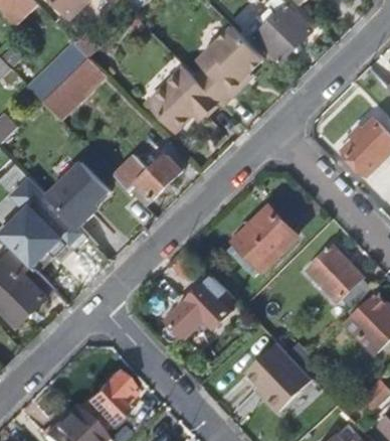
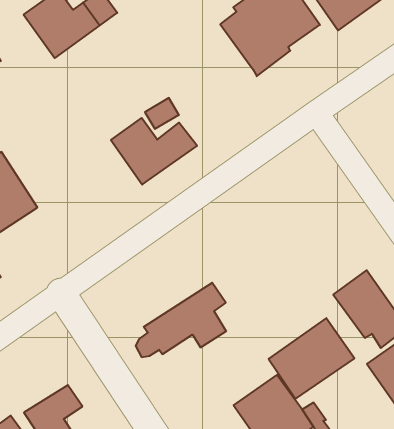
building: [150,67,218,132] -> none
building: [48,163,111,229] -> none
building: [228,207,296,275] -> [269,318,354,399]

